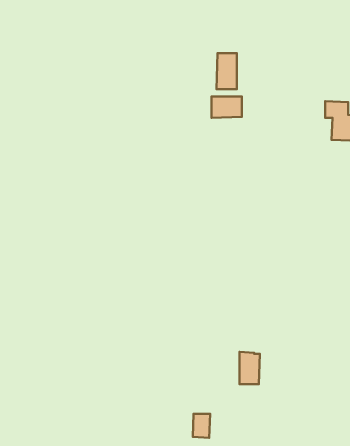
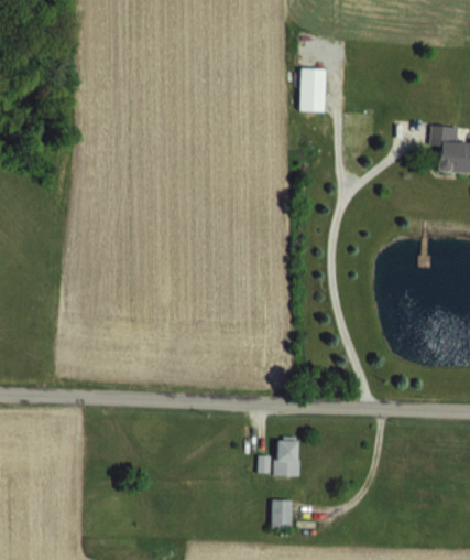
building: [211,97,242,118] -> none
building: [240,352,260,384] -> [275,438,299,476]

